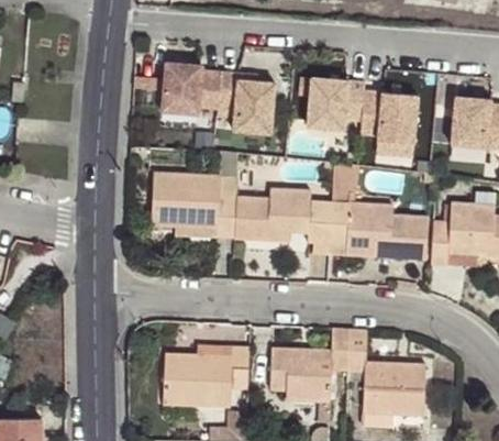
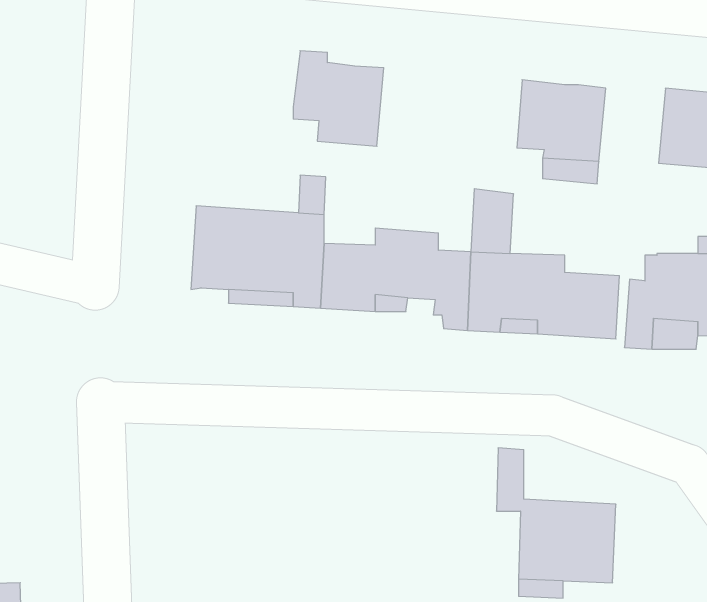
building: [160,63,221,114] -> none
building: [308,79,365,131] -> none
building: [271,328,348,401] -> none
building: [163,346,250,406] -> none

